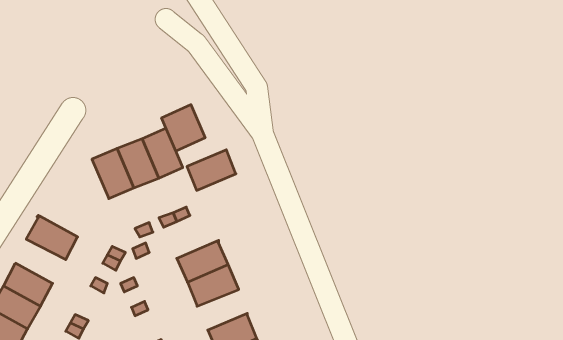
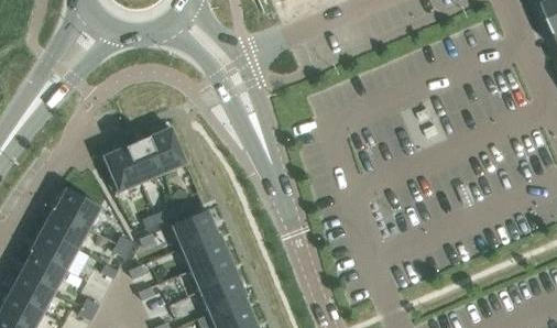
building: [162,105,205,151] -> none
building: [187,150,236,190] -> [172,209,217,247]
building: none -> [55,187,101,227]
building: none -> [30,229,78,270]
building: none -> [199,275,248,313]

